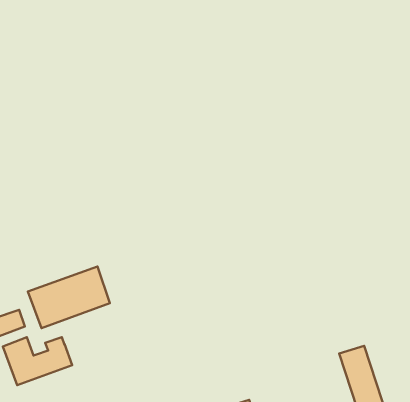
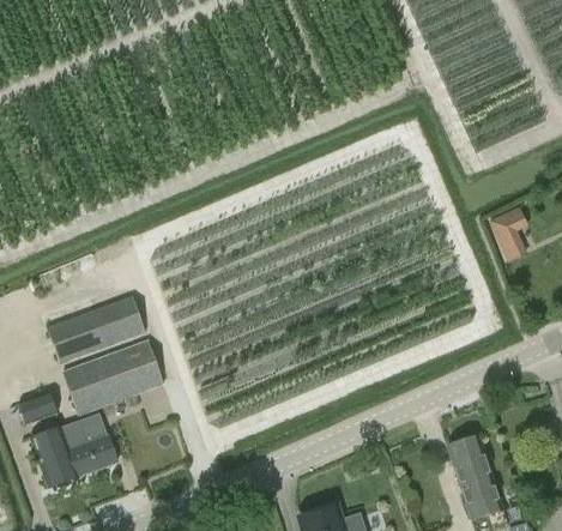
building: none -> [489,213,525,261]
building: none -> [47,295,147,364]

